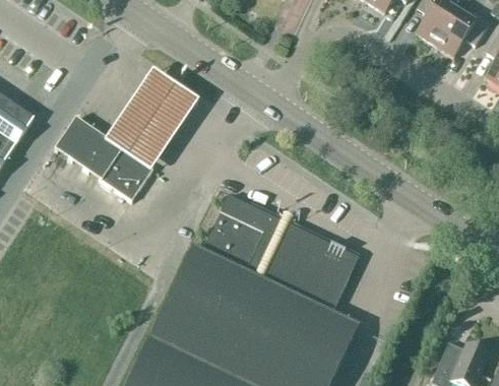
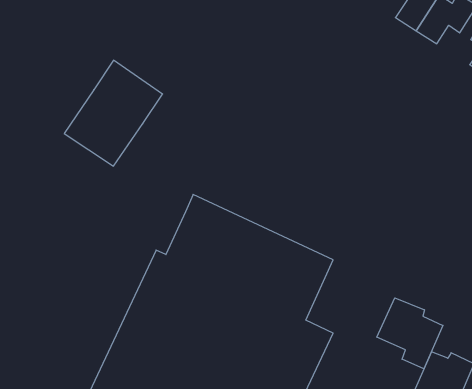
building: [54,116,152,199] -> none
building: none -> [377,298,443,369]

